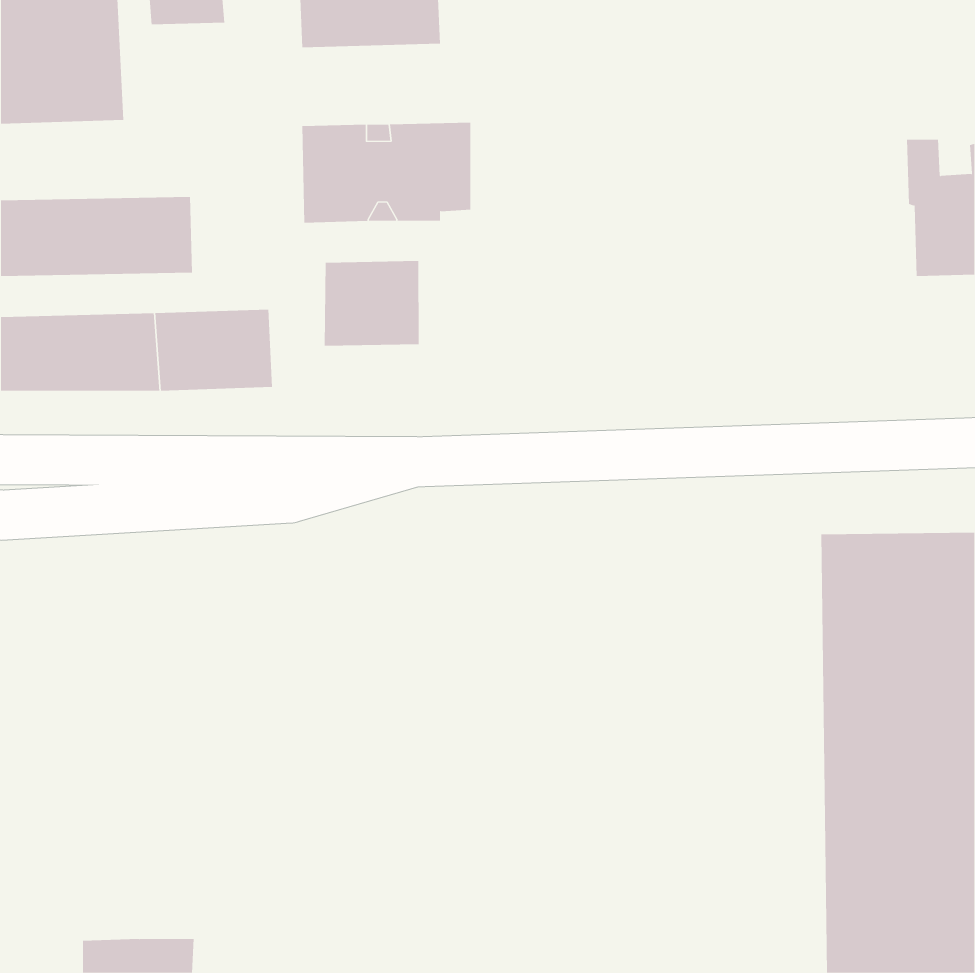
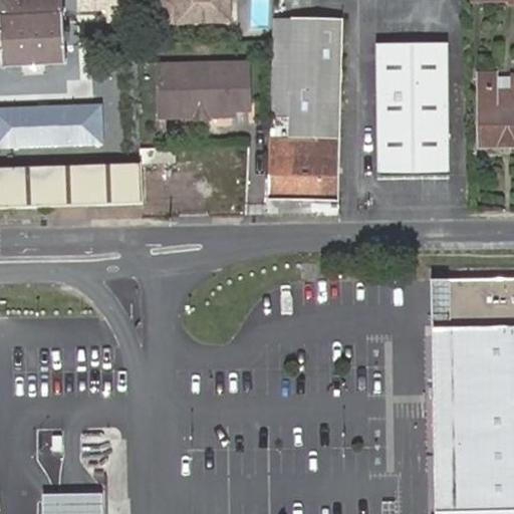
building: none -> [270,13,344,198]
building: none -> [375,41,450,174]
building: [324,260,419,347] -> none

